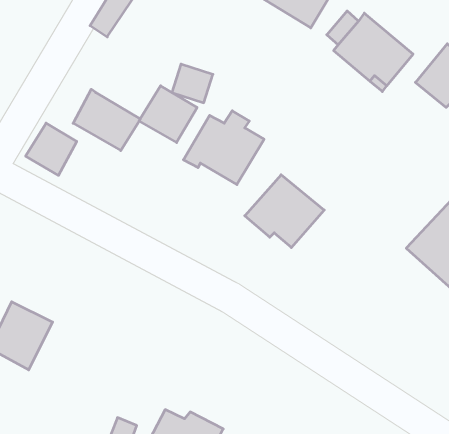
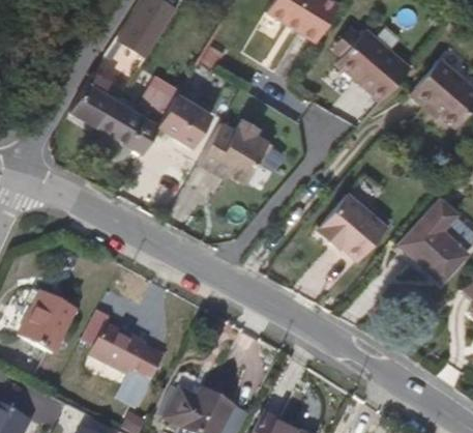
building: [172,64,213,103] -> [137,75,174,110]
building: [26,123,77,175] -> [66,81,113,128]
building: [245,175,324,248] -> [316,193,388,259]
building: none -> [92,325,164,384]

